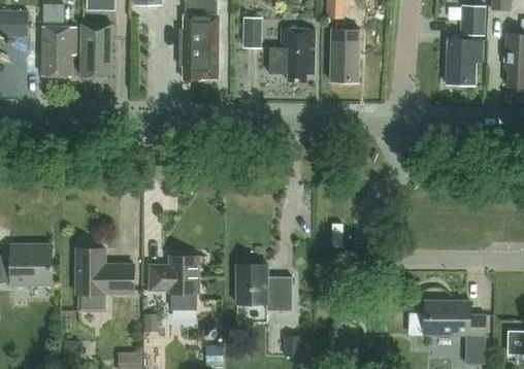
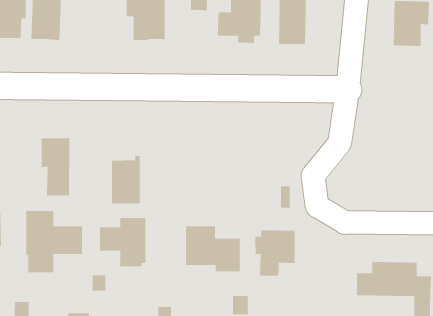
building: none -> [41,138,70,196]
building: none -> [111,155,140,204]
building: none -> [255,230,295,276]

